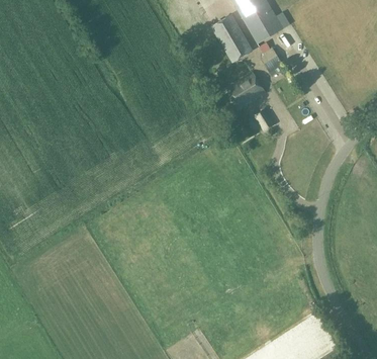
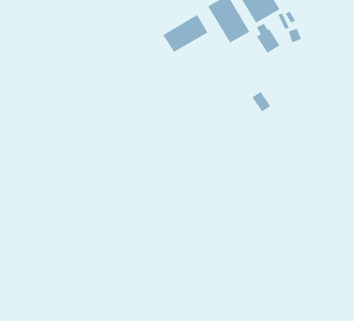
building: none -> [162,14,208,53]
building: [226,72,266,108] -> none

